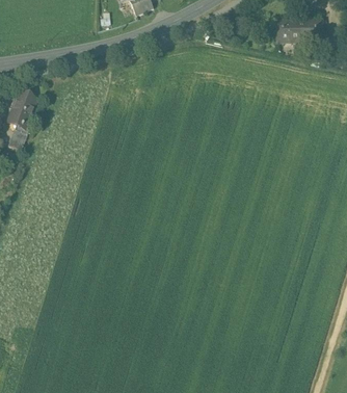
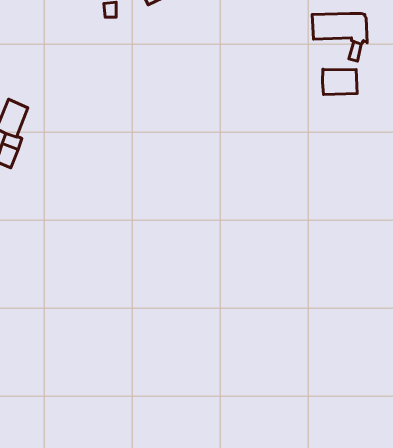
building: none -> [322,69,357,94]

